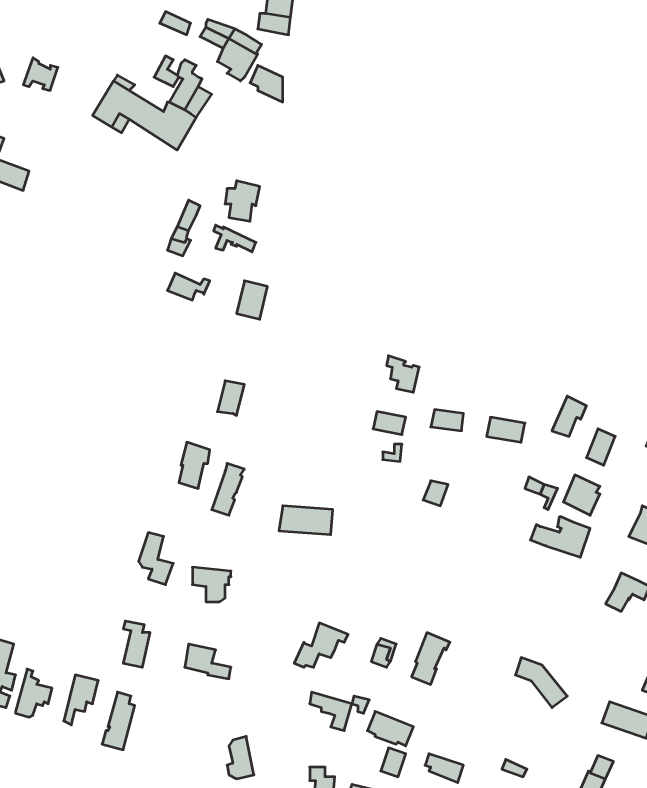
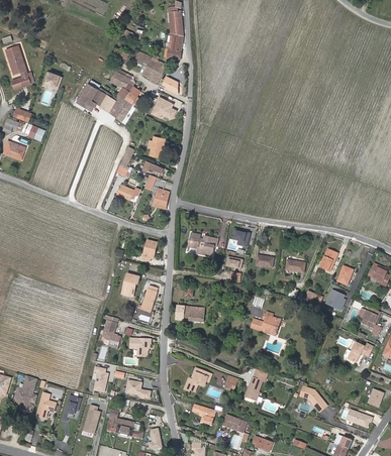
building: none -> [151,95,177,119]
building: none -> [188,232,217,256]
building: [530,517,590,557] -> [249,314,280,335]
building: none -> [107,409,143,437]

